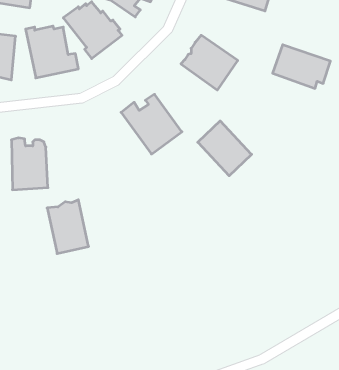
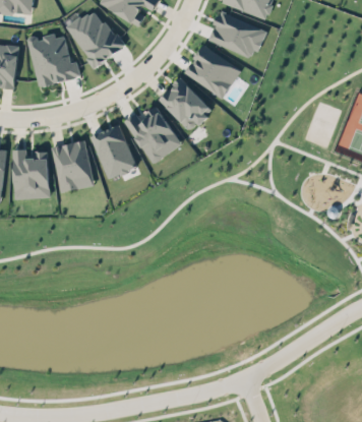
building: [273,45,330,88] -> [208,13,266,57]
building: none -> [92,125,136,179]
building: [198,121,252,176] -> [159,77,213,132]
building: [47,200,89,254] -> [51,137,93,191]

